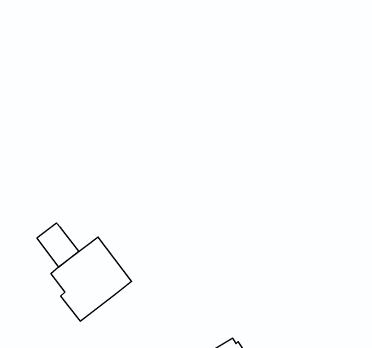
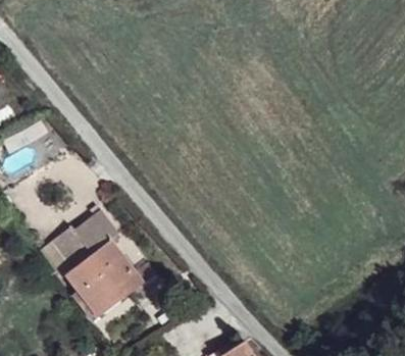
building: none -> [75,211,119,254]

